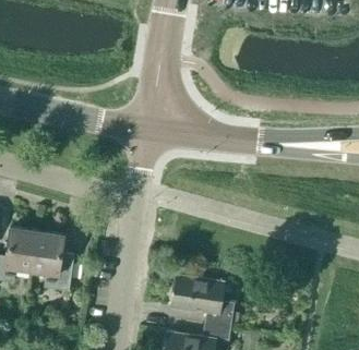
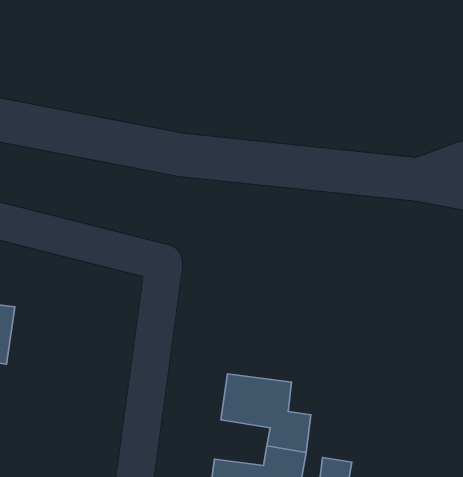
building: [31,231,73,290] -> none

